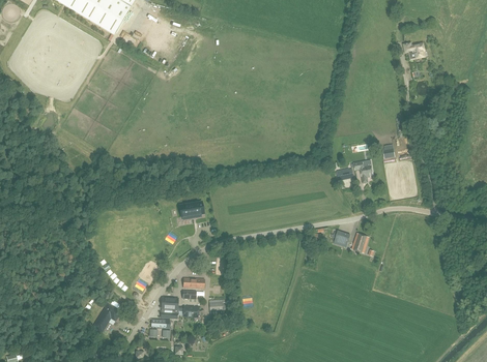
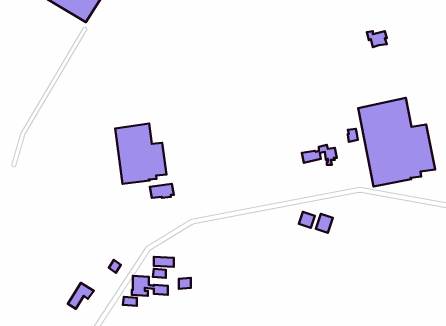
building: none -> [358,98,435,187]
building: none -> [115,124,167,184]

